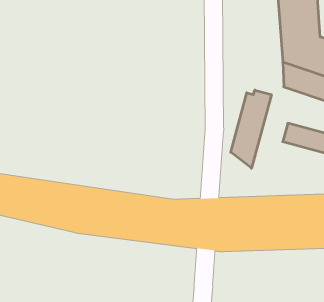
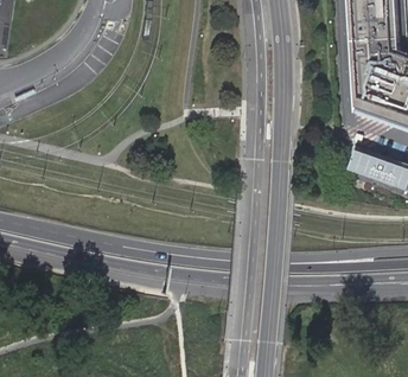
building: [231,90,271,168] -> none

